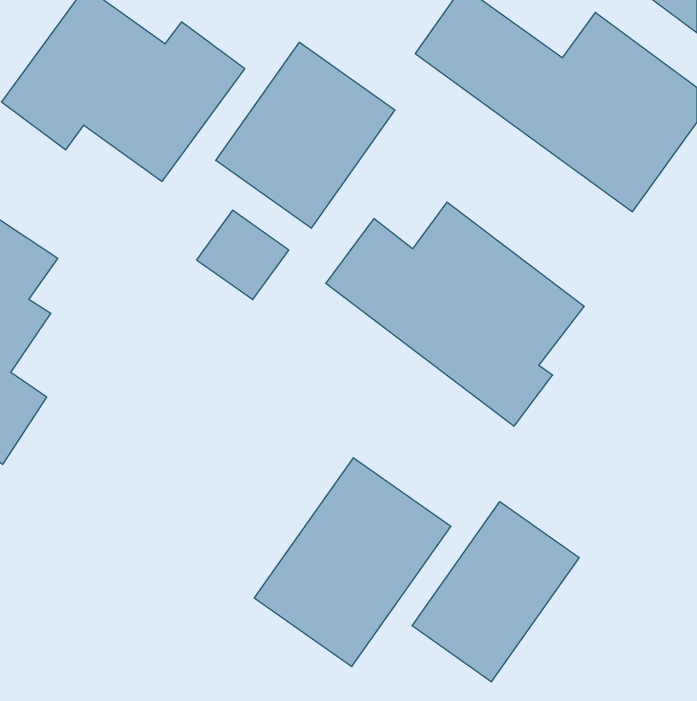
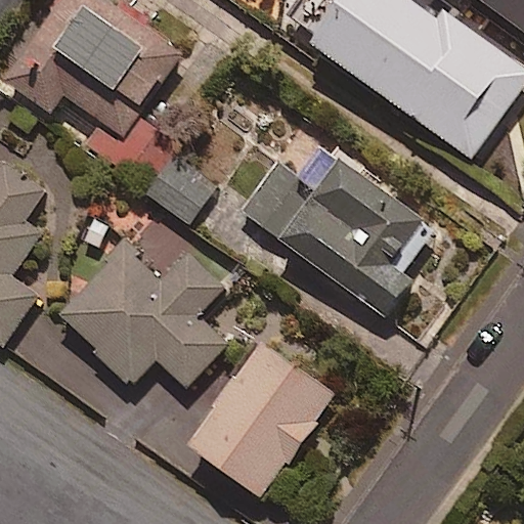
building: [216,42,395,228] -> none
building: none -> [60,221,226,387]
building: [412,502,579,682] -> none

